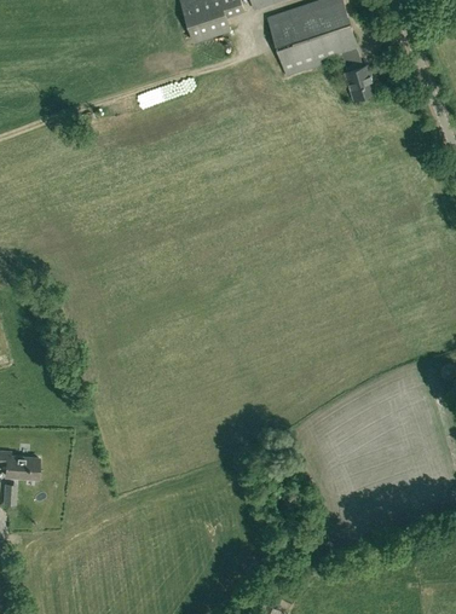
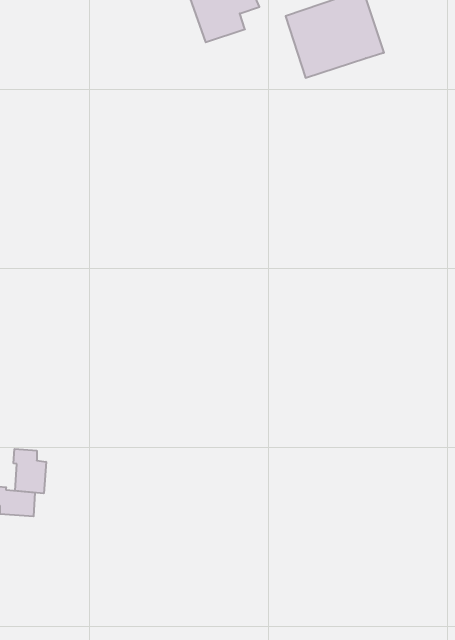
building: [341,52,375,99] -> none
building: none -> [14,449,46,493]

